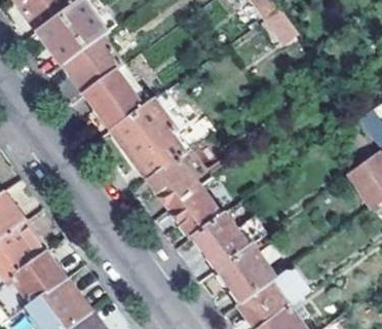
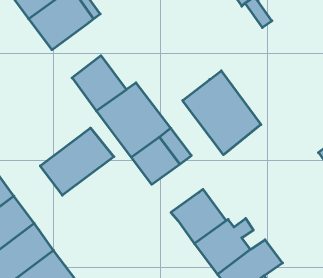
building: [64,37,123,96] -> none
building: none -> [183,71,261,155]
building: none -> [40,128,114,195]
building: [169,187,220,239] -> none

